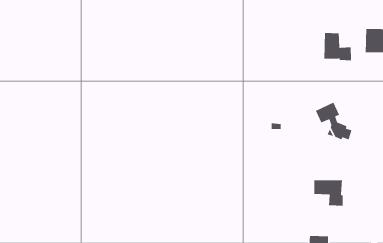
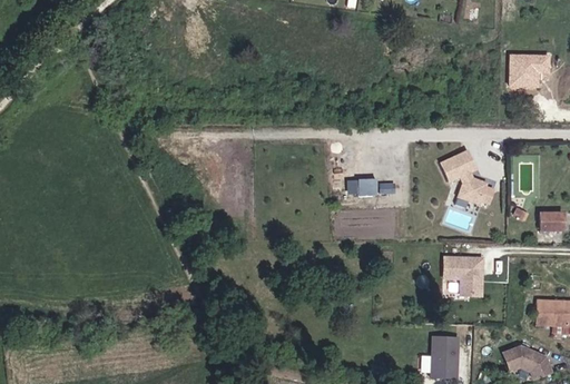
building: [323,32,352,61] -> none
building: none -> [347,177,376,193]

